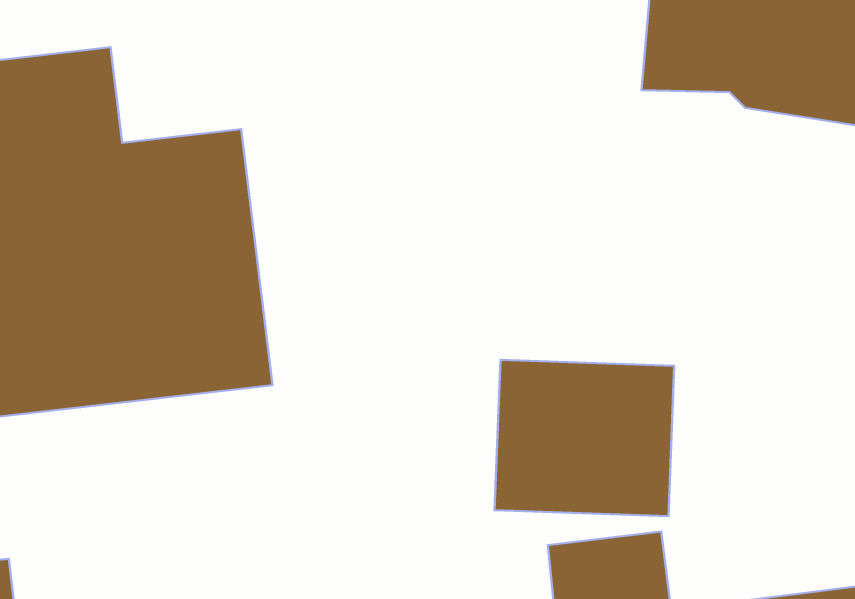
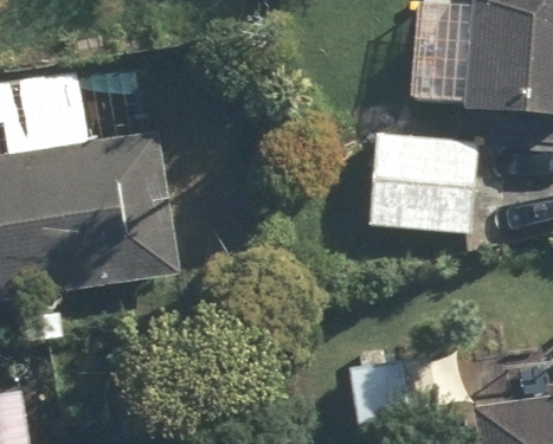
building: [495,360,674,516] -> [365,133,474,227]

